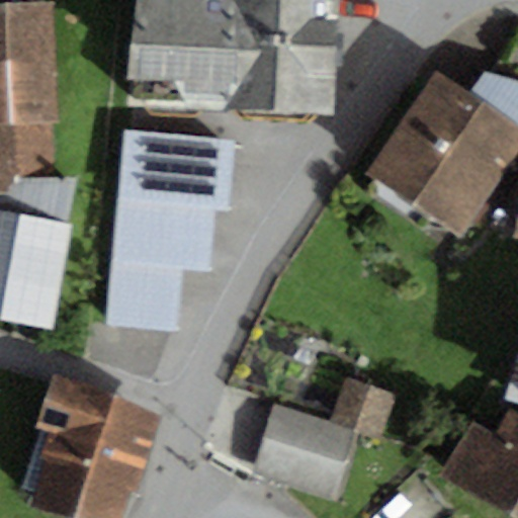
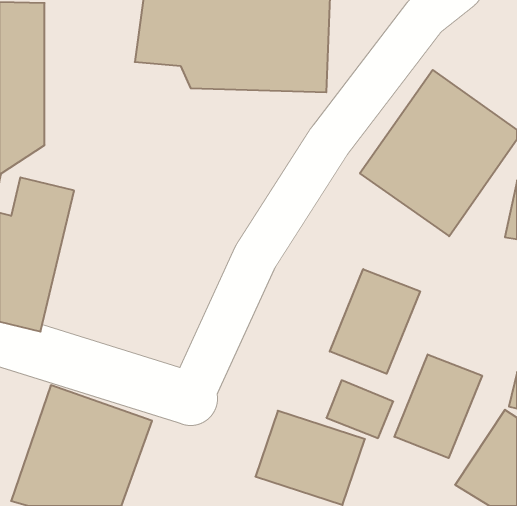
building: [112,124,234,331] -> none
building: none -> [330,269,420,374]
building: none -> [394,354,482,458]

